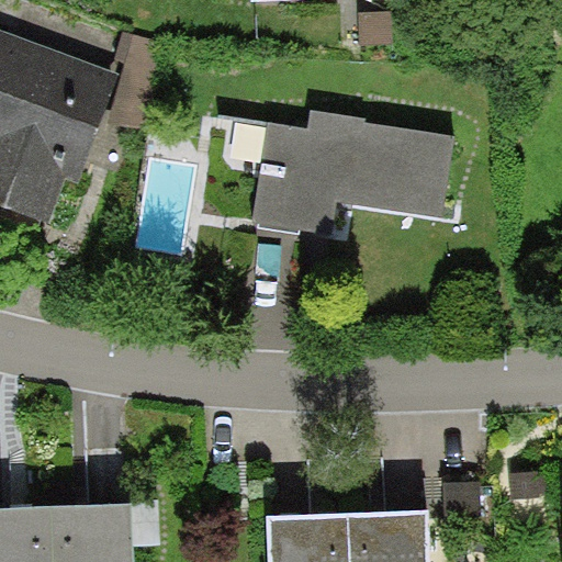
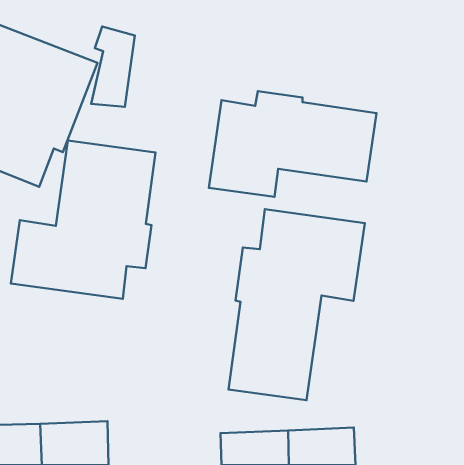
building: none -> [11,140,155,299]
building: none -> [228,209,365,400]

